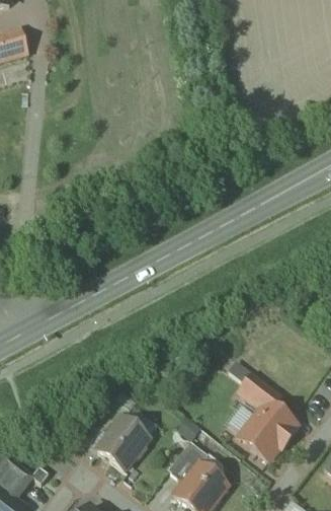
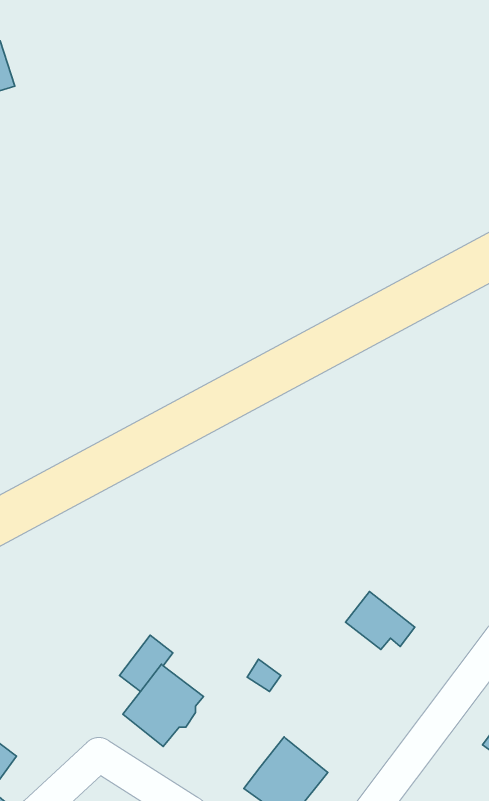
building: [243,402,296,460] -> none
building: [168,441,208,483] -> none

